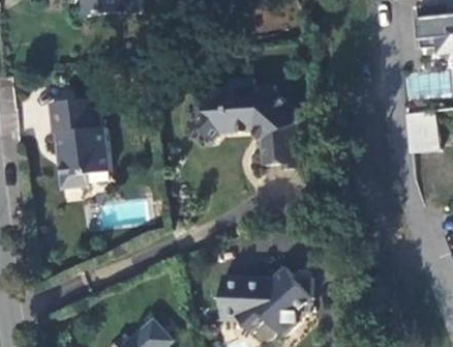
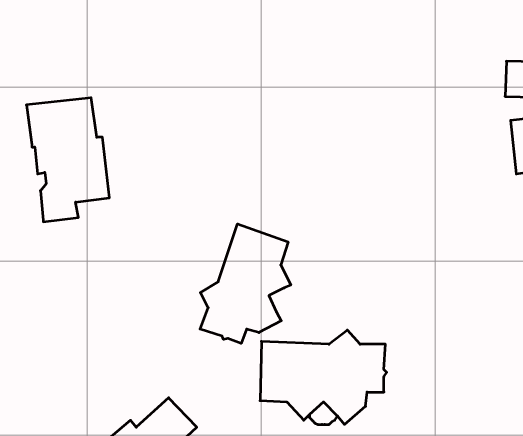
building: [192,79,300,169] -> none
building: none -> [200,224,291,343]

